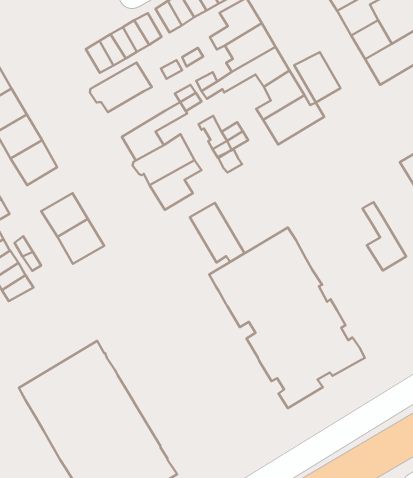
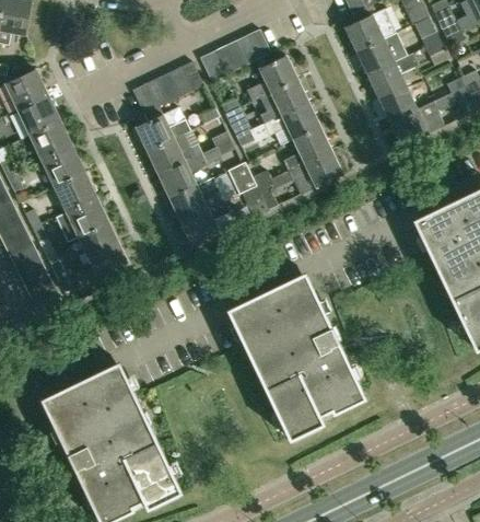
building: [294,52,340,102] -> none
building: none -> [147,134,200,174]
building: none -> [56,197,107,241]
building: [362,202,406,270] -> none
building: [190,203,244,262] -> none

